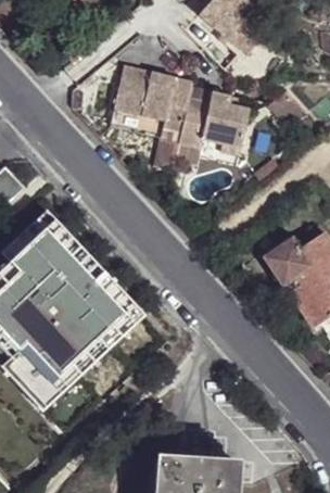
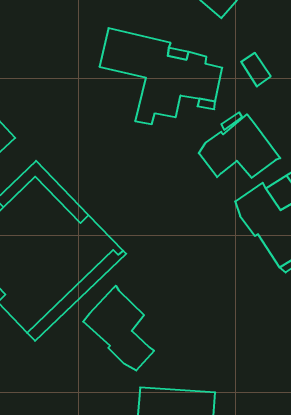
building: none -> [199,114,280,178]
building: none -> [83,286,154,371]

